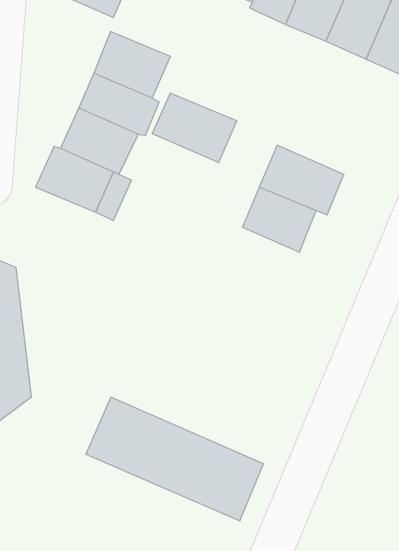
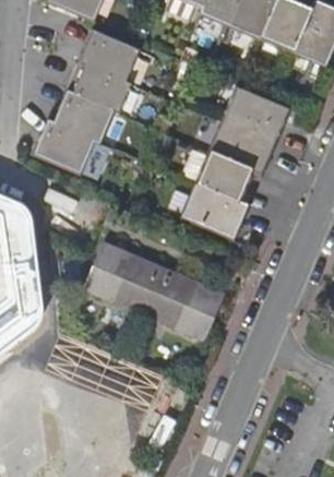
building: [152,93,237,163] -> [223,86,289,141]
building: none -> [181,182,248,236]
building: [86,397,263,521] -> [84,242,224,339]

